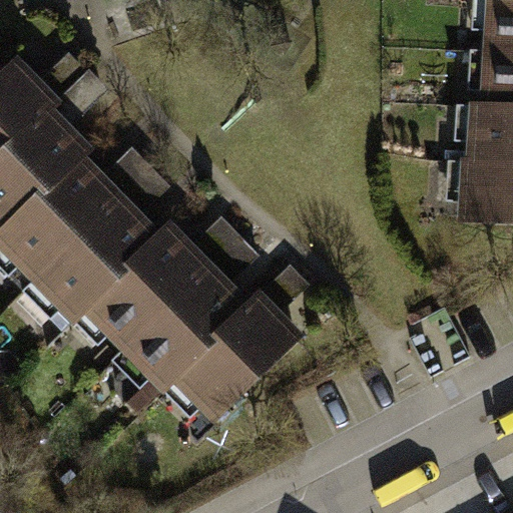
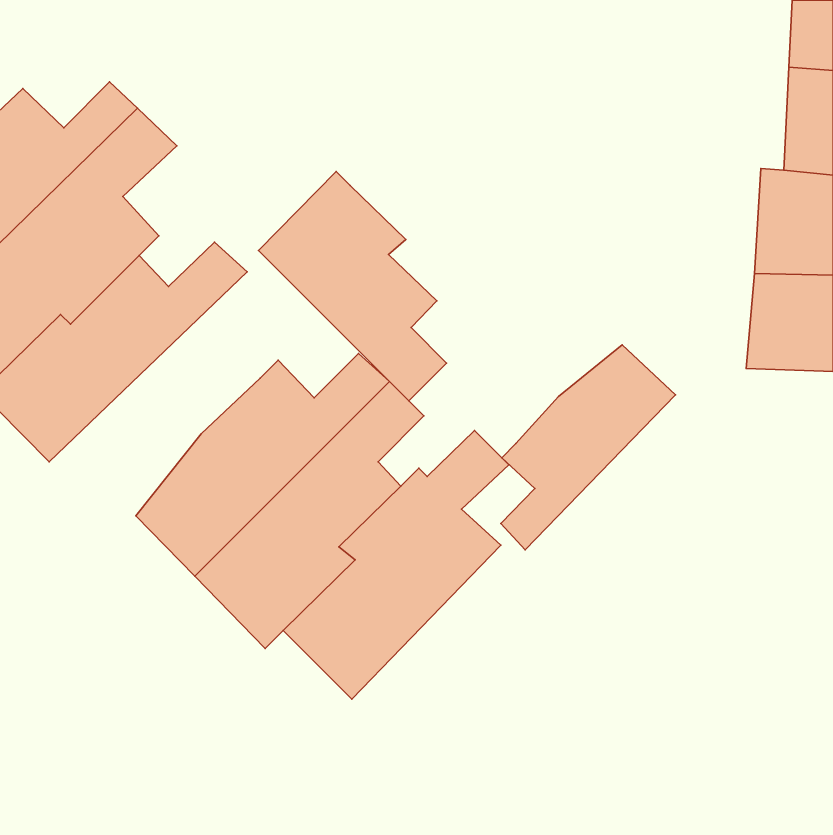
building: none -> [259,171,447,401]
building: [30,167,170,324] -> none
building: none -> [501,345,675,550]

